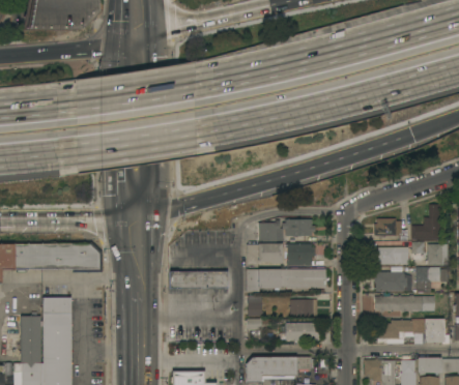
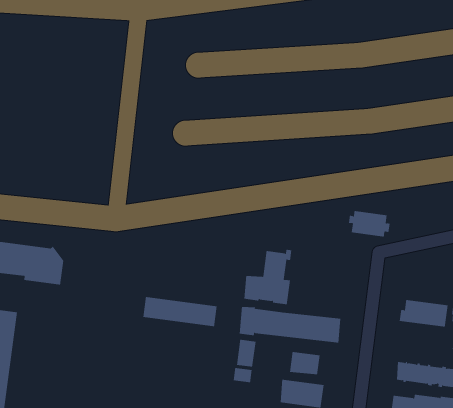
building: [374,218,401,241] -> none
building: [282,219,315,237] -> [348,211,390,237]
building: [287,244,314,266] -> none
building: [374,272,406,292] -> none

